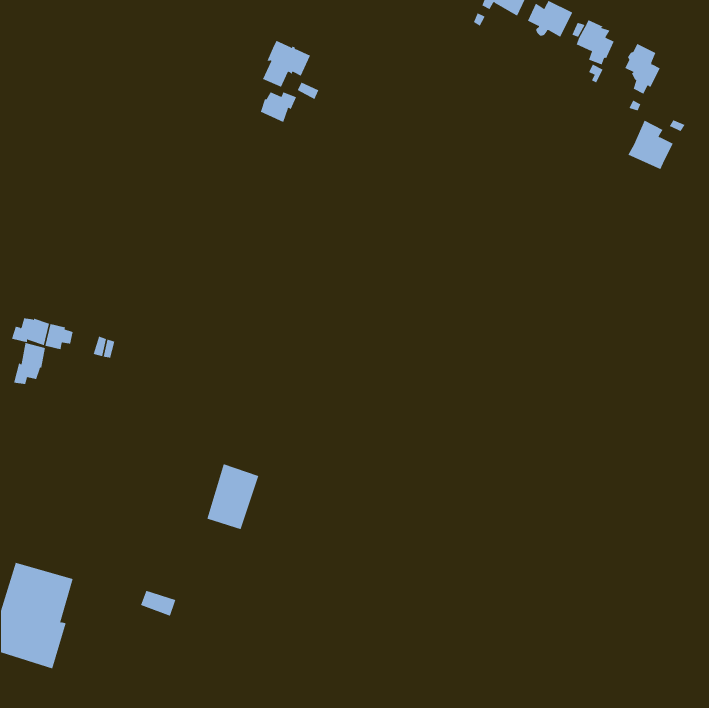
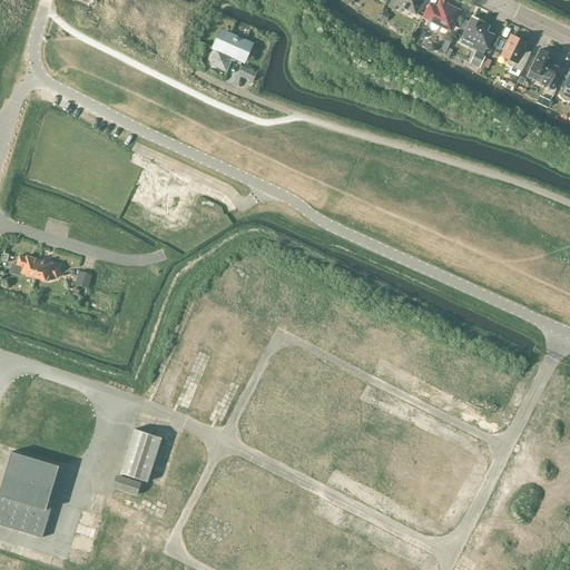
building: [260,92,297,123] -> none
building: [628,120,673,170] -> [527,48,563,88]
building: [14,342,46,385] -> none
building: [207,463,259,530] -> [120,428,163,481]

